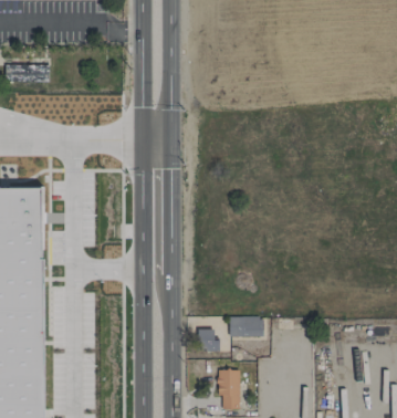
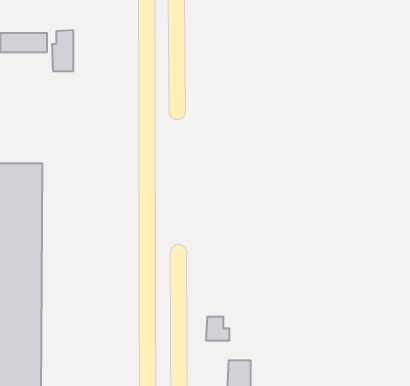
building: none -> [52,30,73,71]
building: [228,317,261,337] -> none

